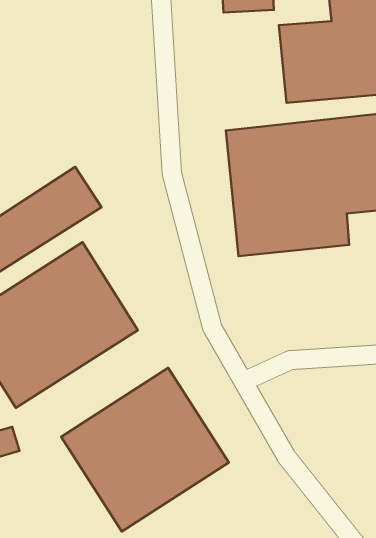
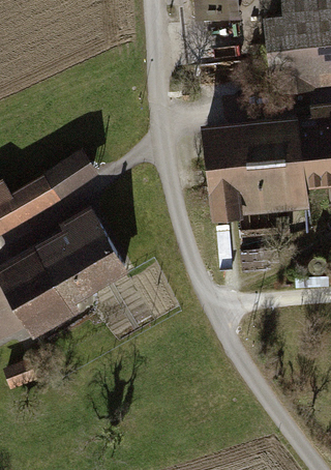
building: [61,368,229,532] -> none

